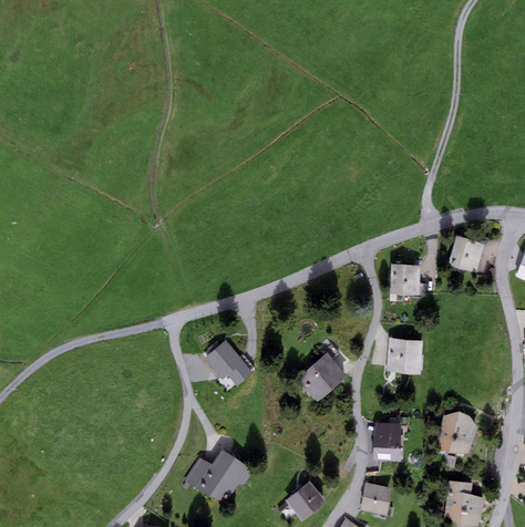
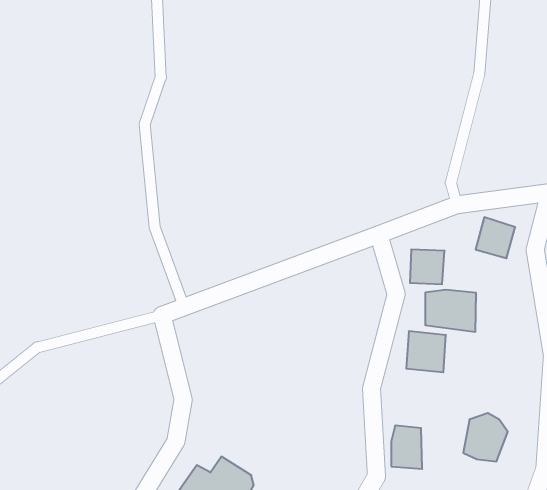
building: none -> [425,290,476,332]
building: [204,340,254,386] -> none
building: [297,352,347,401] -> none

